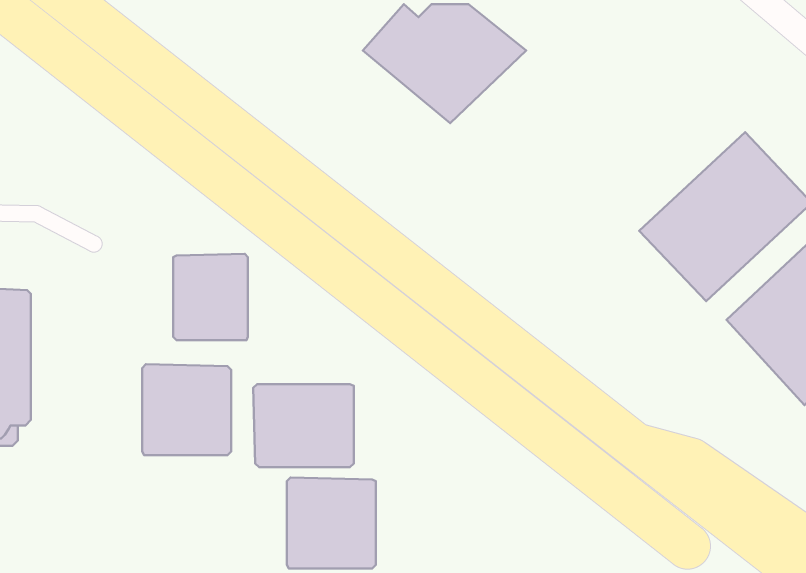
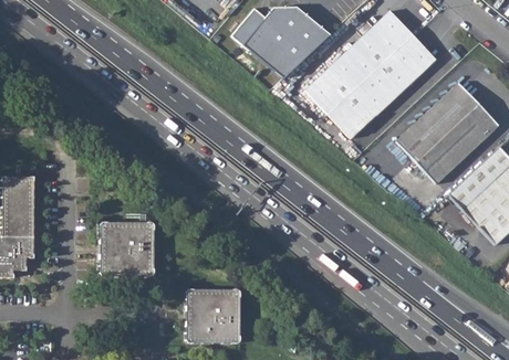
building: none -> [305,10,436,138]
building: [173,254,248,340] -> none
building: [253,384,354,467] -> none

